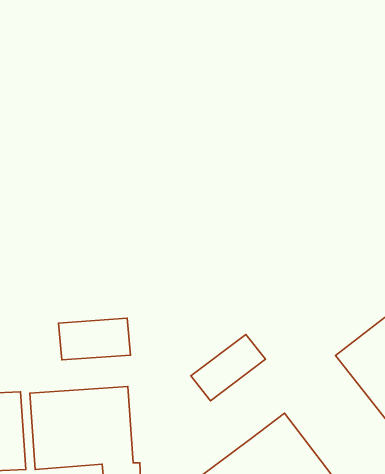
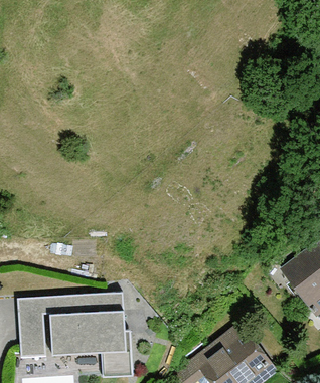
building: [58,318,131,360] -> none
building: [191,335,265,401] -> none

